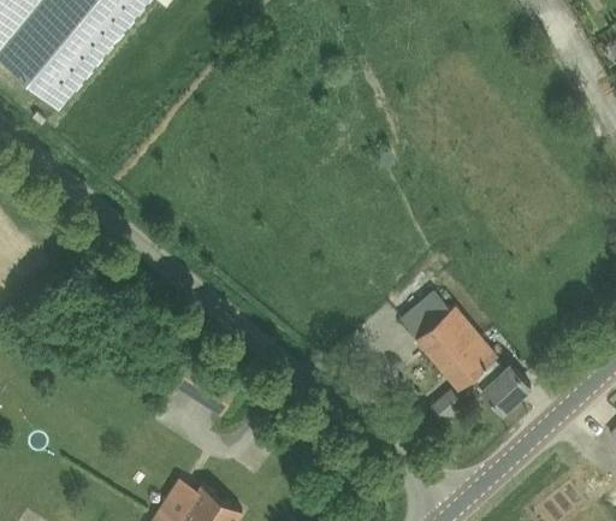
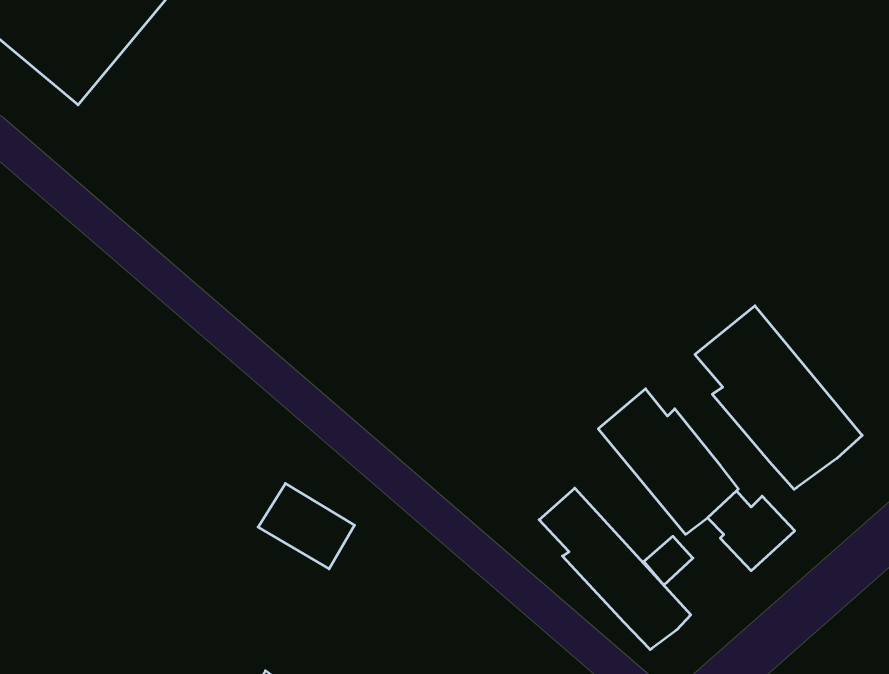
building: none -> [695,306,862,489]
building: none -> [539,488,691,650]

